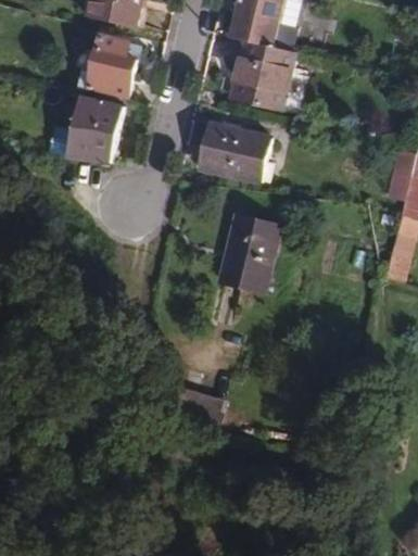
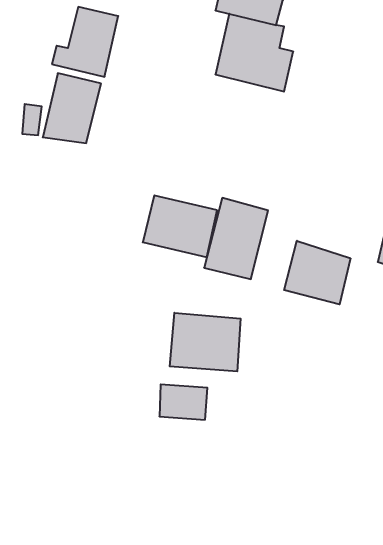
building: [198,124,268,182] -> [143,195,217,257]
building: none -> [284,241,350,304]
building: none -> [170,313,241,371]

